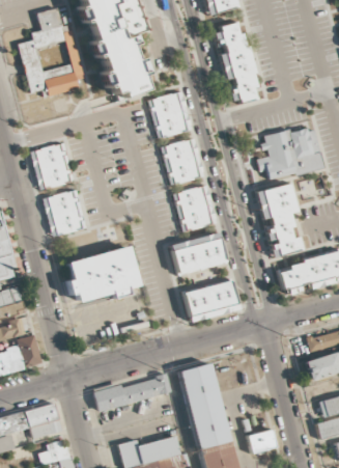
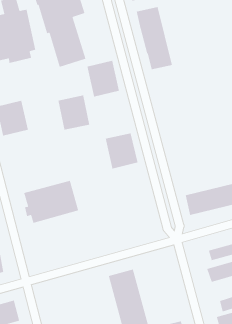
building: [257,125,323,180] -> none
building: [161,138,203,185] -> [57,95,90,131]
building: [255,182,305,257] -> none
building: [43,189,86,237] -> none
building: [169,231,227,275] -> none
building: [181,279,238,322] -> none
building: [92,373,171,411] -> none

